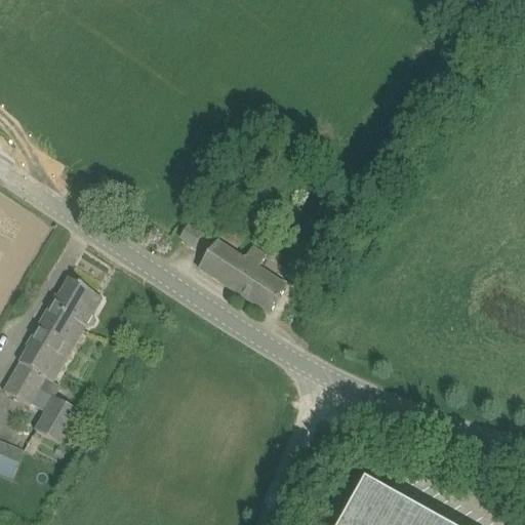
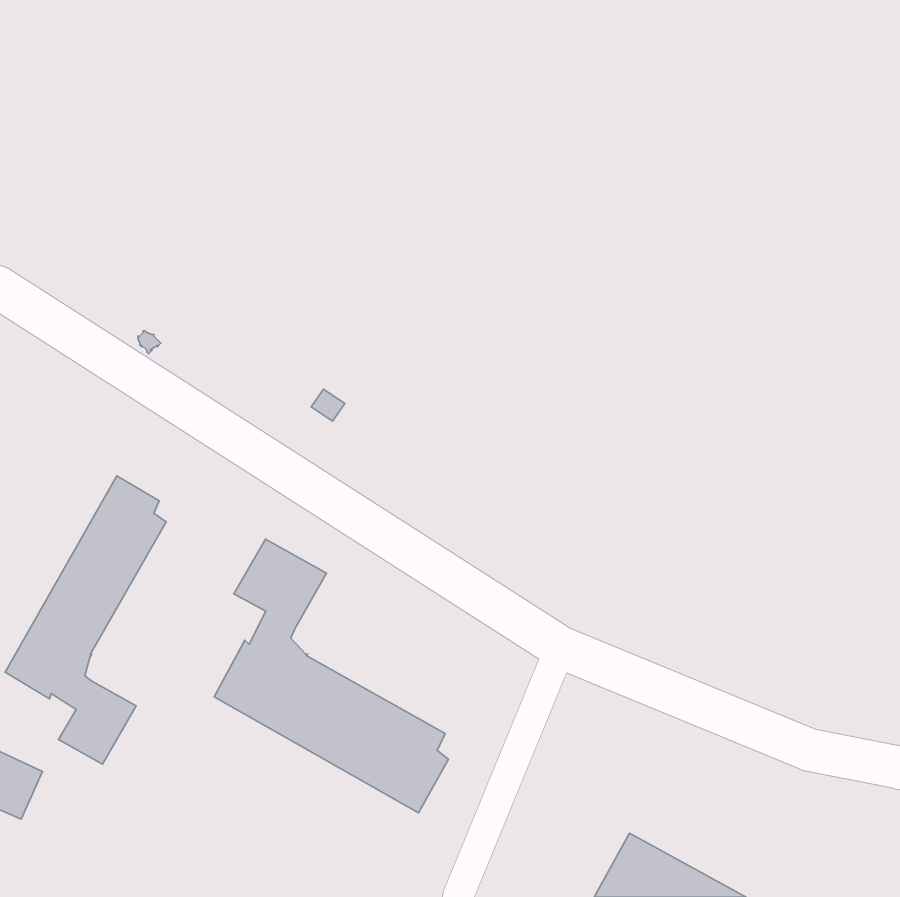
building: [200,239,286,312] -> none
building: none -> [214,539,448,813]

